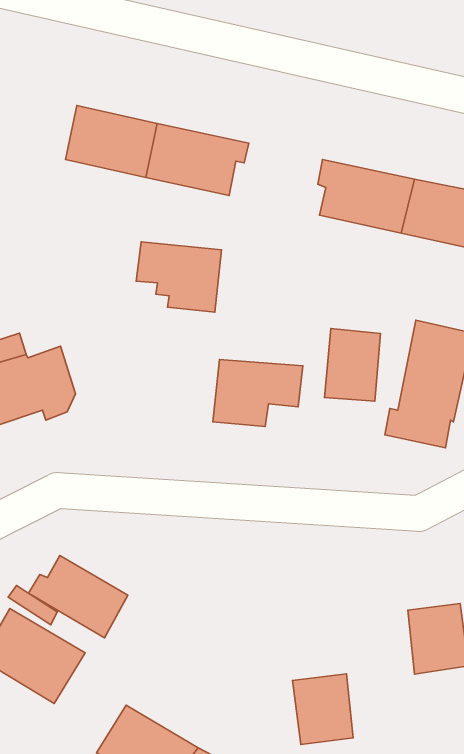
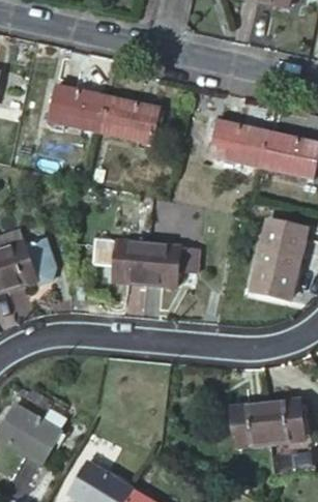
building: [136,242,221,312] -> [92,239,146,284]
building: [324,329,380,401] -> none
building: [28,556,128,638] -> none
building: [292,674,353,744] -> [231,403,269,447]

